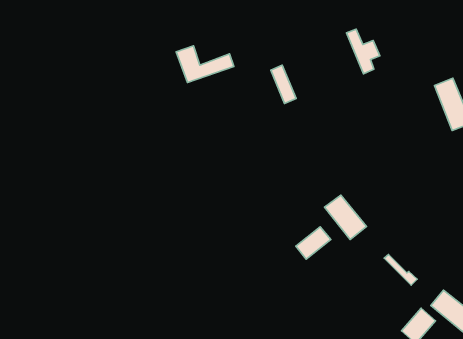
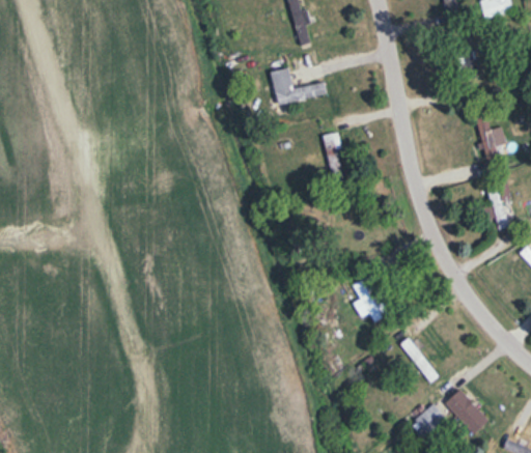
building: [346,29,380,74] -> [476,112,506,159]
building: [176,46,234,82] -> [272,67,328,104]
building: [296,227,331,259] -> none

